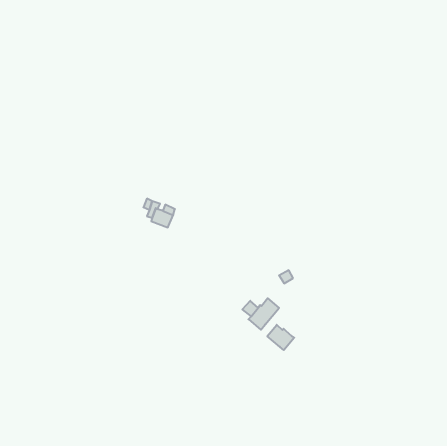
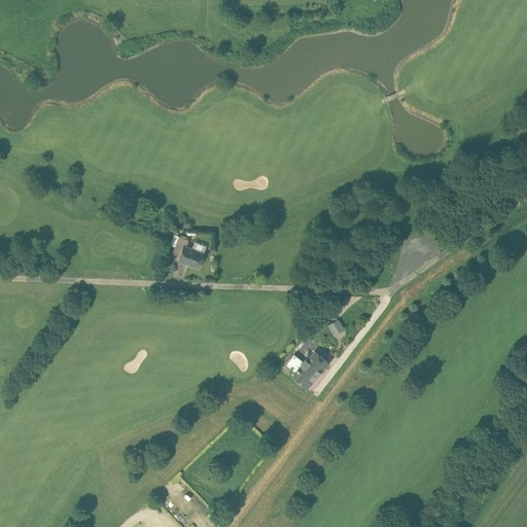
building: [267,325,294,350] -> none

